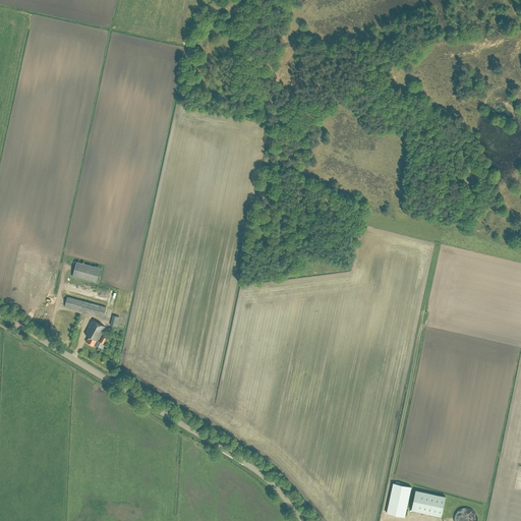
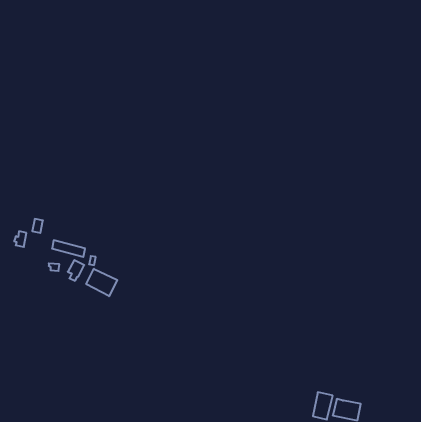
building: [71,260,100,283] -> none
building: none -> [86,269,117,296]

